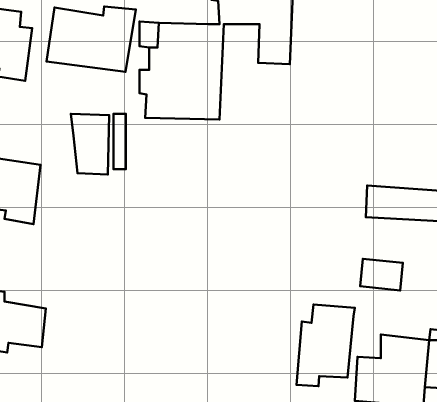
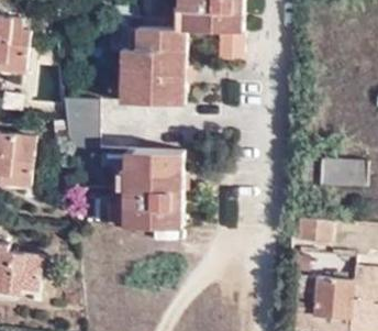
building: [47,7,136,72] -> none
building: none -> [115,150,181,225]
building: [296,305,355,386] -> none

